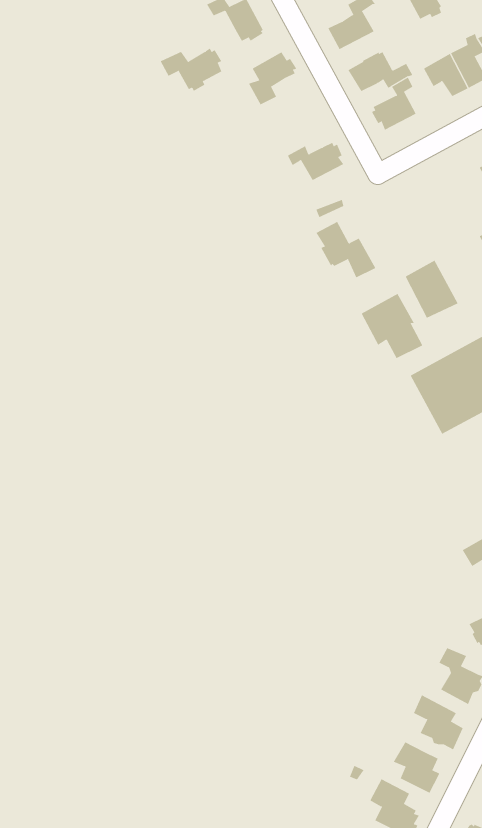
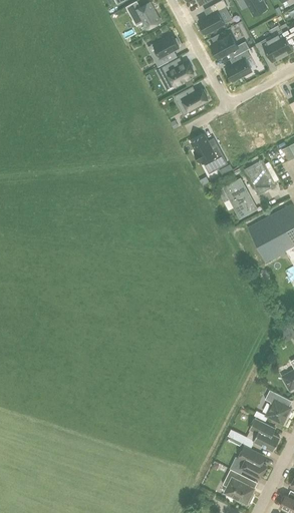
building: [160,48,222,92] -> [157,61,194,87]

